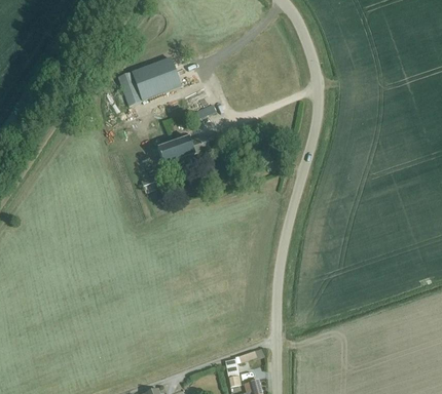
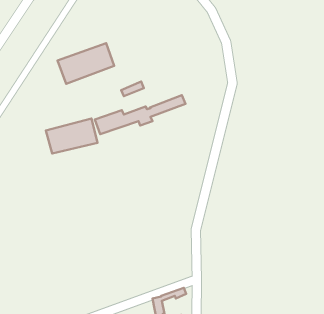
building: none -> [46,119,98,154]

